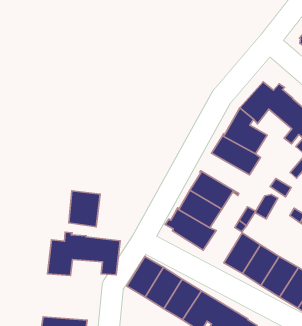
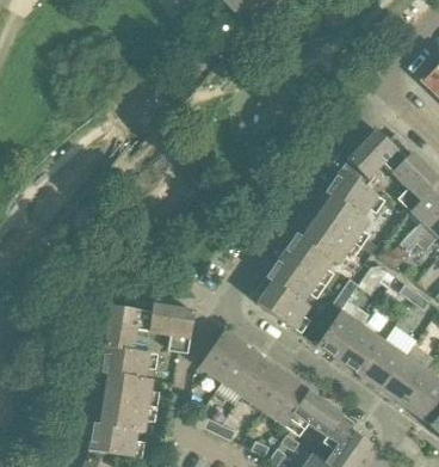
building: none -> [296,211,354,262]
building: [69,191,100,227] -> none
building: none -> [97,345,153,404]

